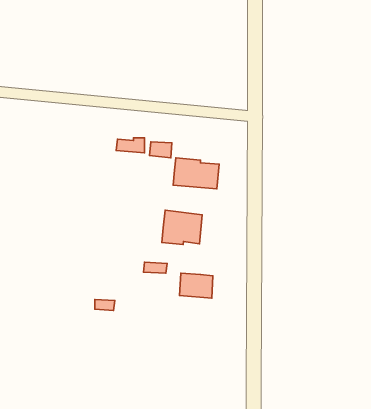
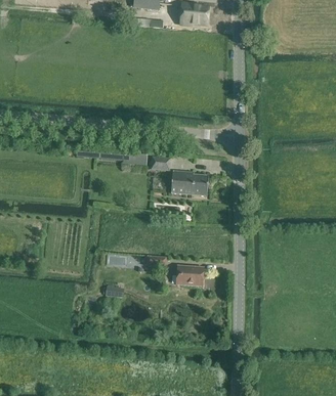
building: [162,210,202,245] -> none

